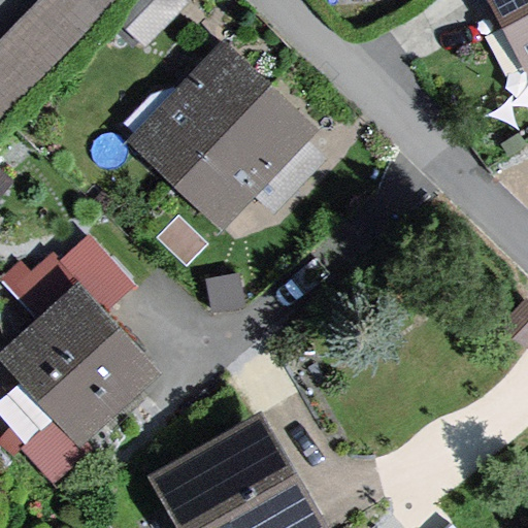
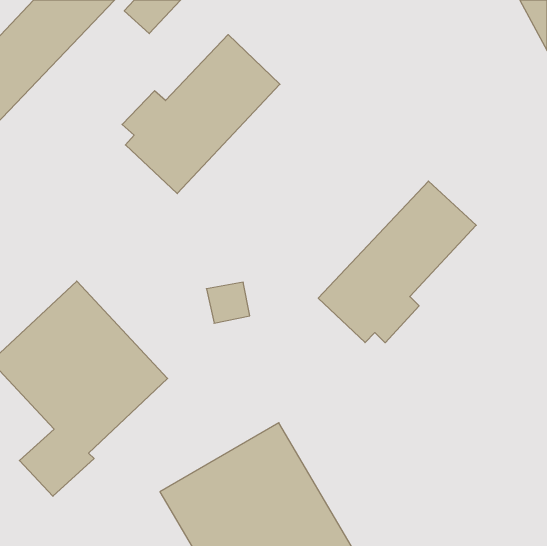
building: [169,87,323,234] -> none
building: none -> [318,181,476,343]

